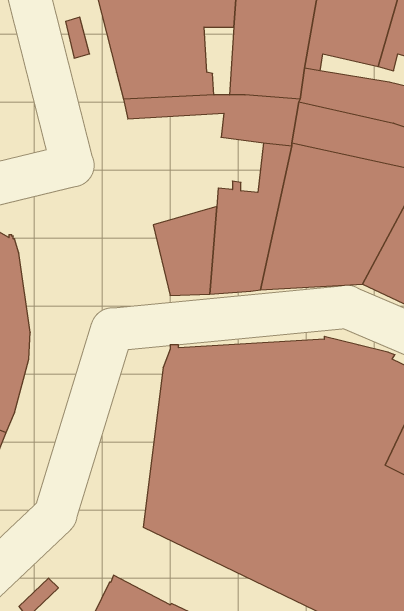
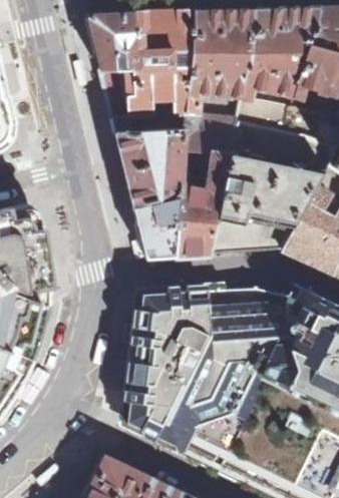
building: none -> [168,67,190,115]
building: none -> [114,128,183,207]

